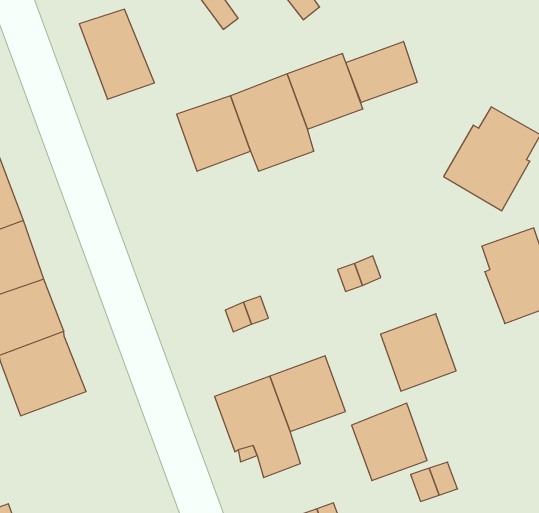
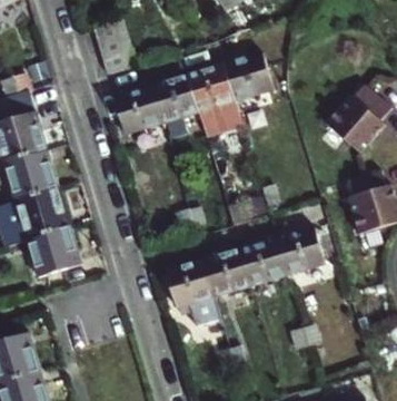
building: [346,41,417,103] -> none
building: none -> [115,86,162,135]
building: [352,403,427,481] -> [239,236,287,285]

